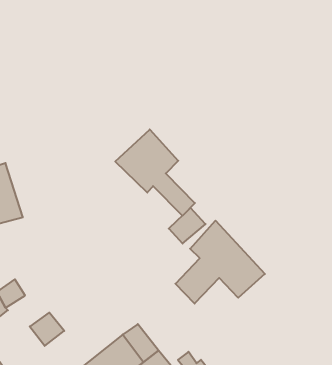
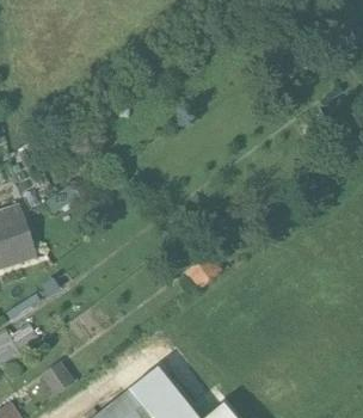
building: [115,129,195,216] -> none
building: [175,221,265,304] -> none

